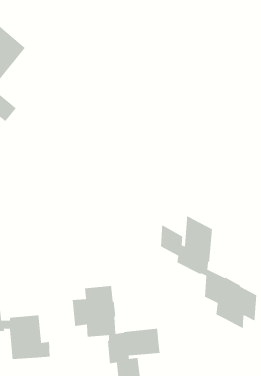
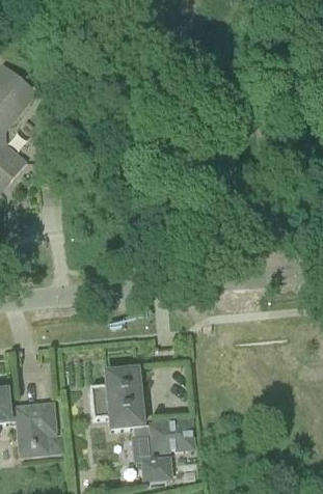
building: [160,215,257,329] -> none

